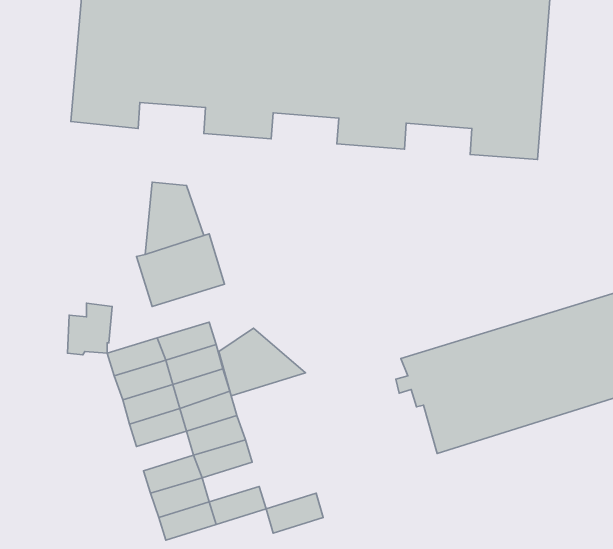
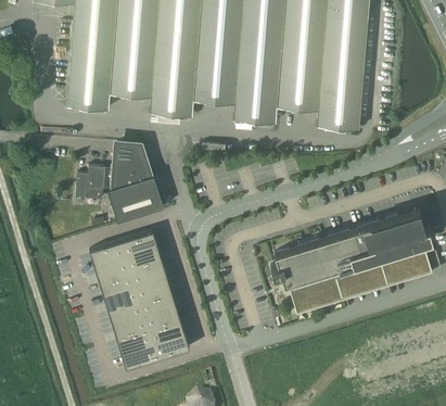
building: [67,303,112,355] -> [76,167,104,200]
building: [219,328,305,396] -> none
building: none -> [107,301,143,326]
building: [266,493,323,533] -> [149,320,184,345]

